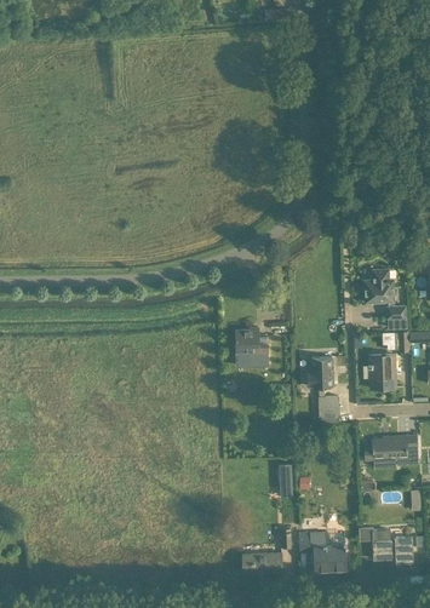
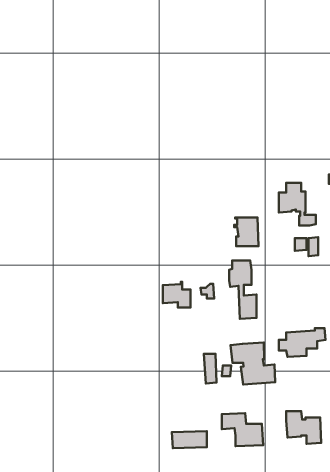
building: [235,327,266,356] -> [163,282,190,307]
building: [367,355,395,388] -> [234,218,259,246]
building: none -> [230,343,275,384]

